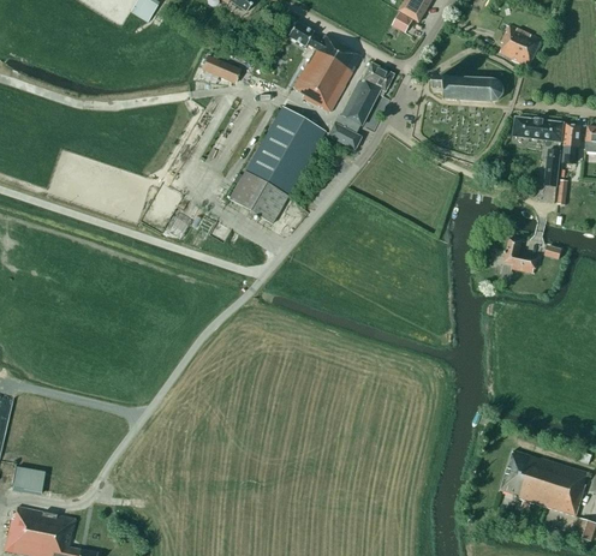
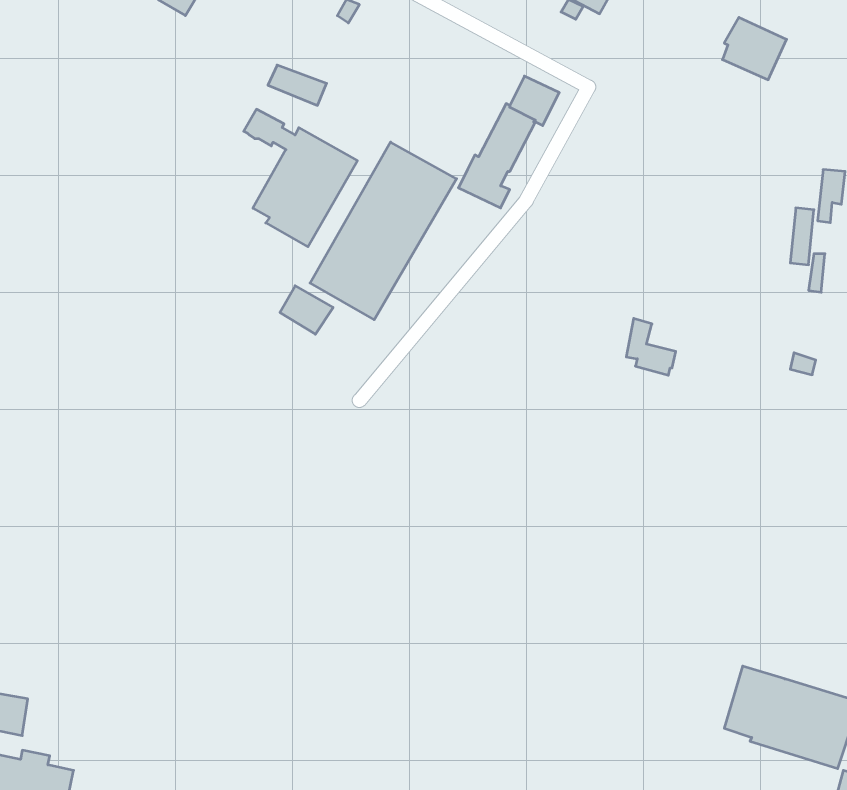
building: [287,22,362,112] -> [244,109,357,247]
building: [433,74,502,101] -> none
building: [513,116,564,141] -> none
building: none -> [280,286,333,334]
building: [505,237,537,274] -> [626,318,676,375]

